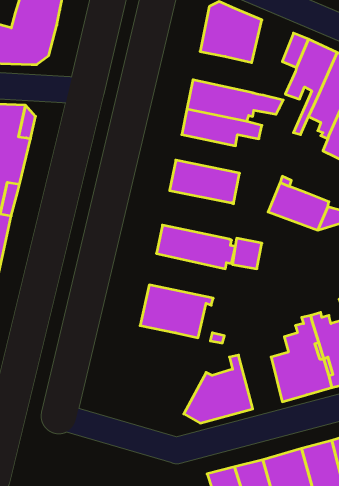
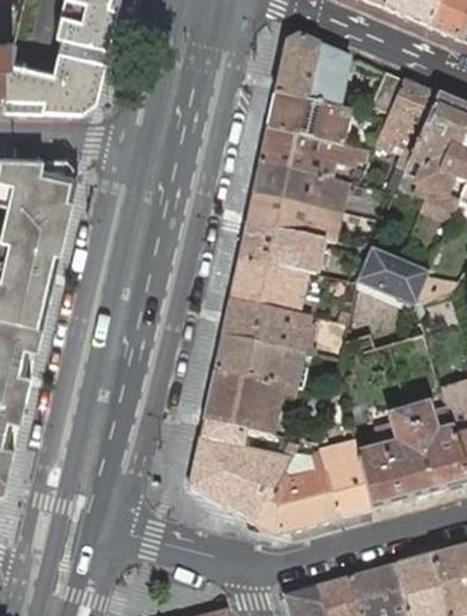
building: none -> [266,96,350,147]
building: none -> [246,195,342,244]
building: none -> [230,261,312,319]
building: none -> [214,336,305,390]
building: none -> [189,421,298,526]
building: none -> [319,431,372,520]

